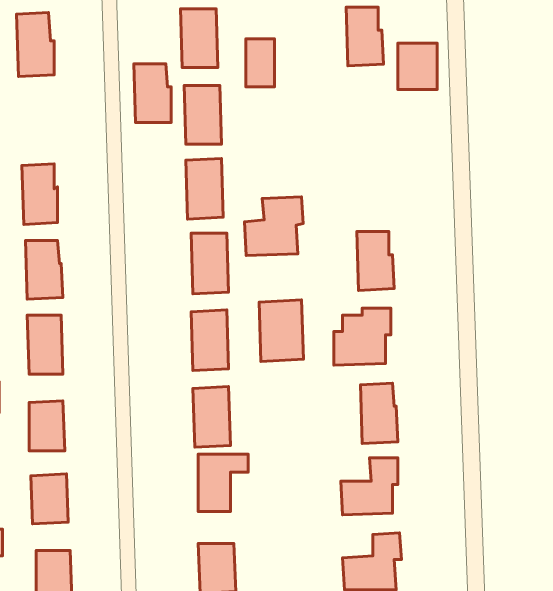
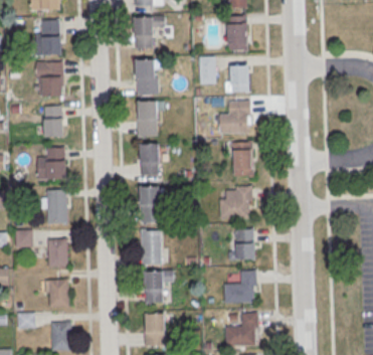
building: [246,39,274,87] -> [199,57,215,84]
building: [398,43,437,90] -> [225,65,247,92]
building: [134,64,171,123] -> [42,64,63,98]
building: [244,197,303,256] -> [218,102,251,135]
building: [259,300,303,361] -> none

